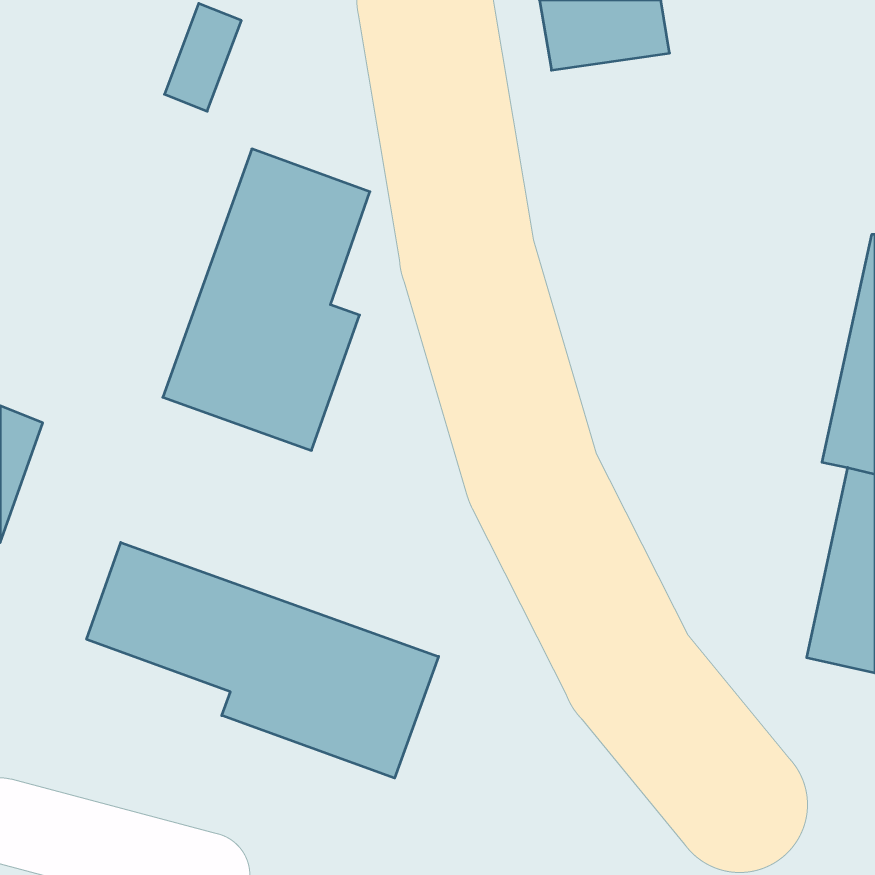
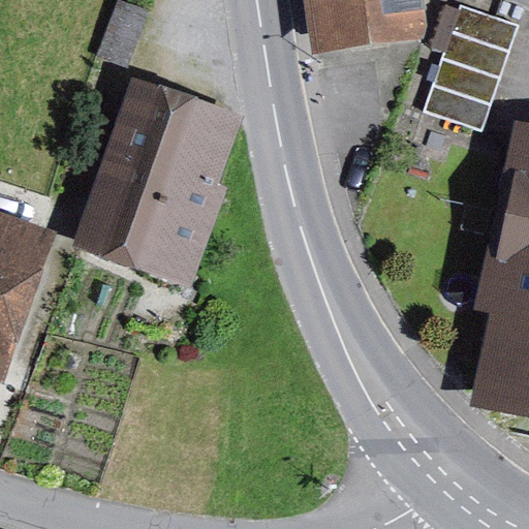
building: none -> [424,6,519,132]
building: [87,542,439,778] -> none

